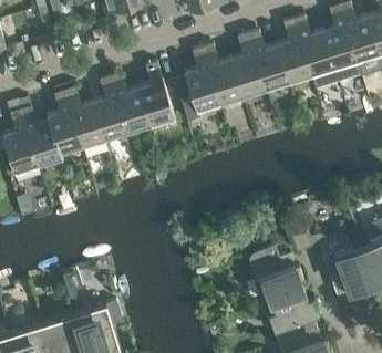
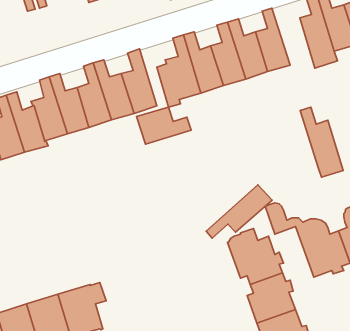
building: [293,15,338,87] -> [300,107,343,177]
building: none -> [137,107,191,144]
building: none -> [206,185,272,238]

